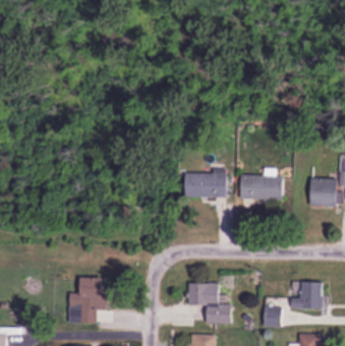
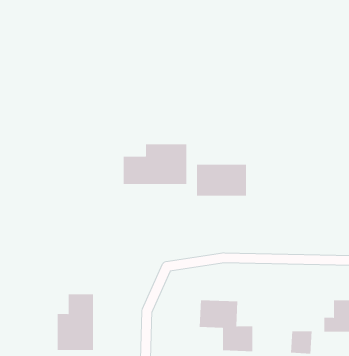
building: none -> [123,144,187,185]
building: [240,175,284,198] -> none

